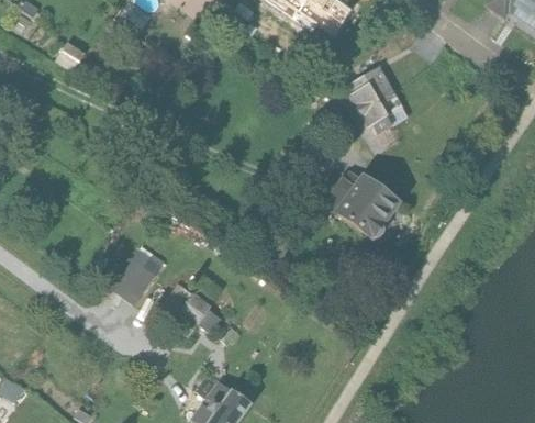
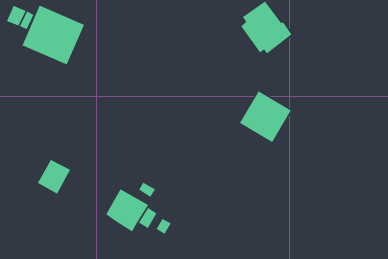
building: none -> [22,4,85,65]
building: [110,256,154,301] -> [37,159,71,195]

